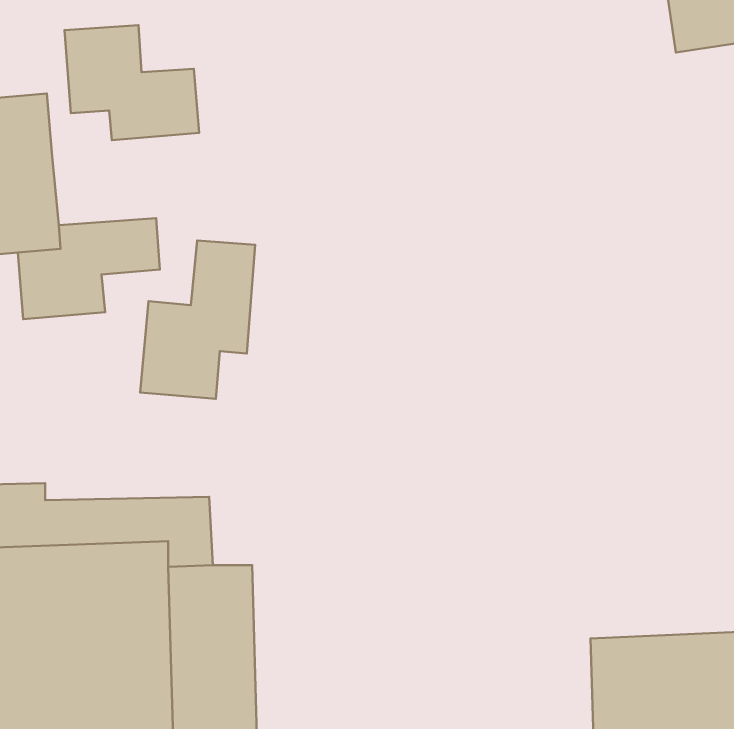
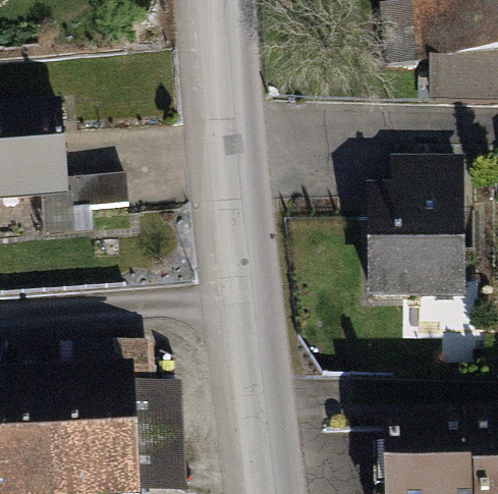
building: [64,25,199,140] -> none
building: none -> [359,168,463,316]
building: [140,241,255,399] -> none

